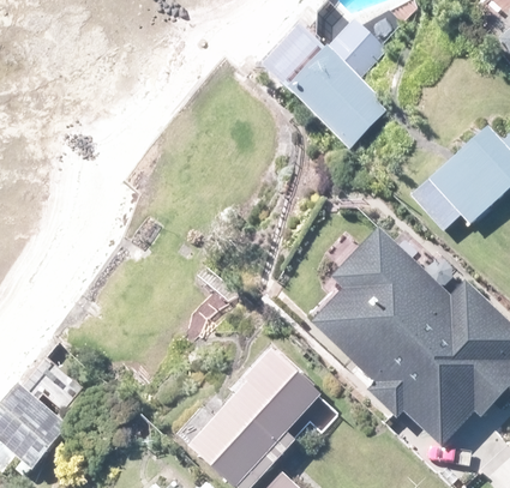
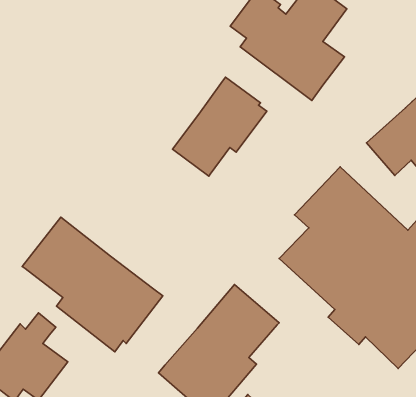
building: none -> [173,77,267,176]
building: none -> [22,217,163,352]

